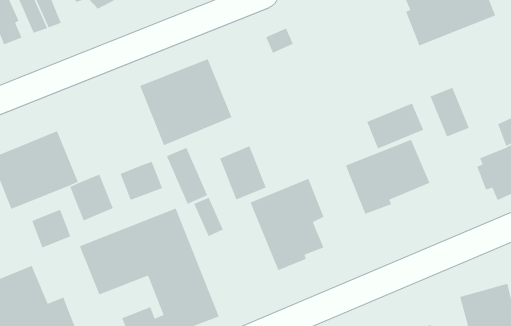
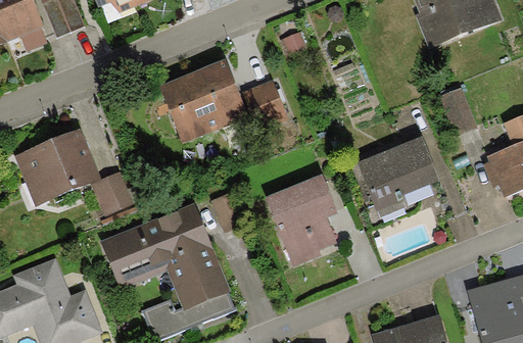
building: [366,102,424,149] -> none
building: [219,145,267,200] -> [242,79,288,132]
building: [166,147,208,205] -> none
building: [119,161,163,201] -> none
building: [31,209,71,249] -> none

